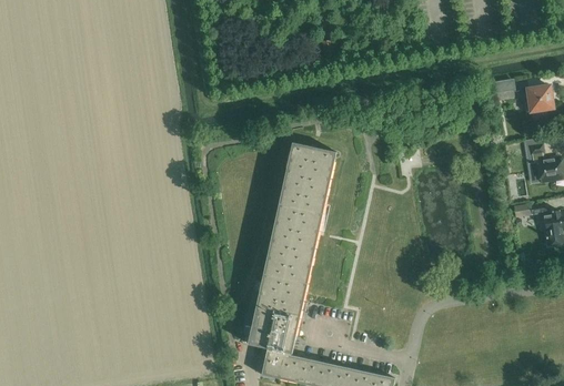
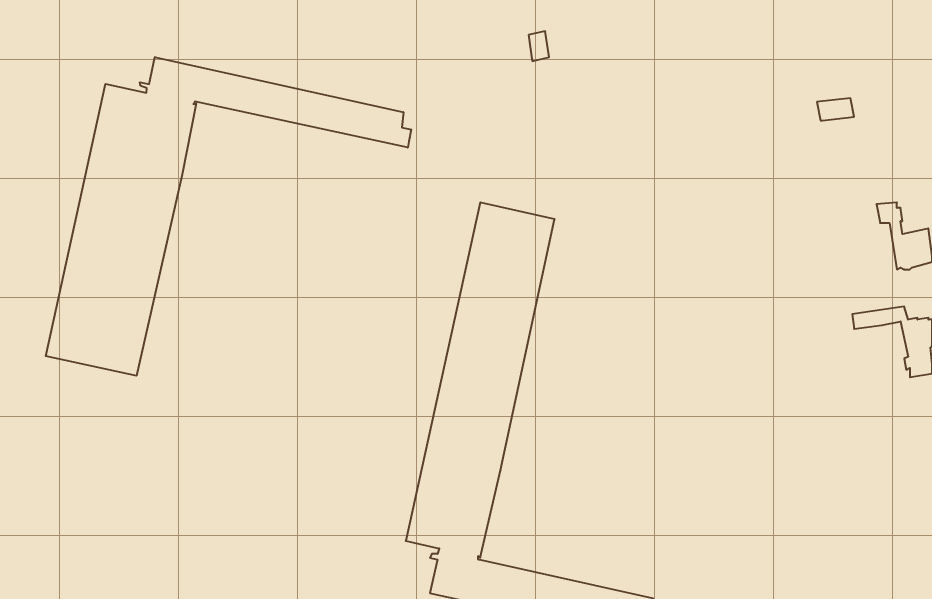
building: none -> [46,57,411,376]
building: [524,85,552,112] -> none

